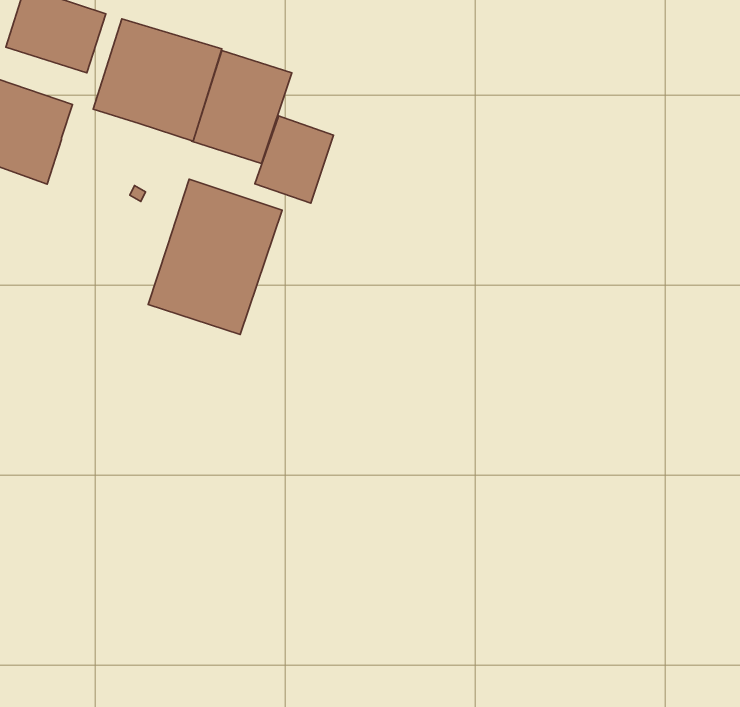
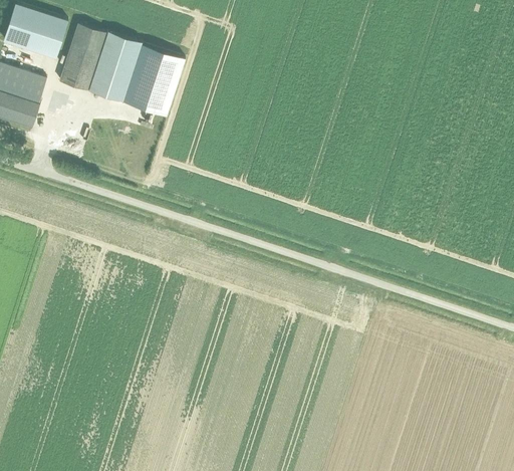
building: [255,116,333,203] -> none
building: [148,179,282,334] -> none

